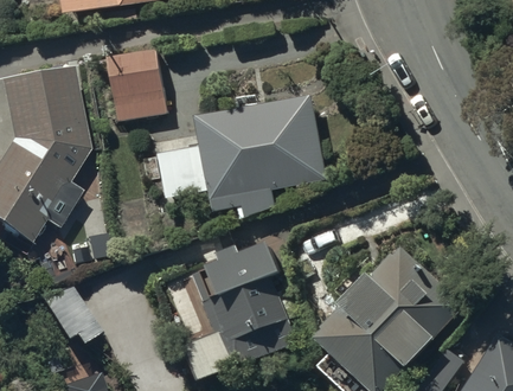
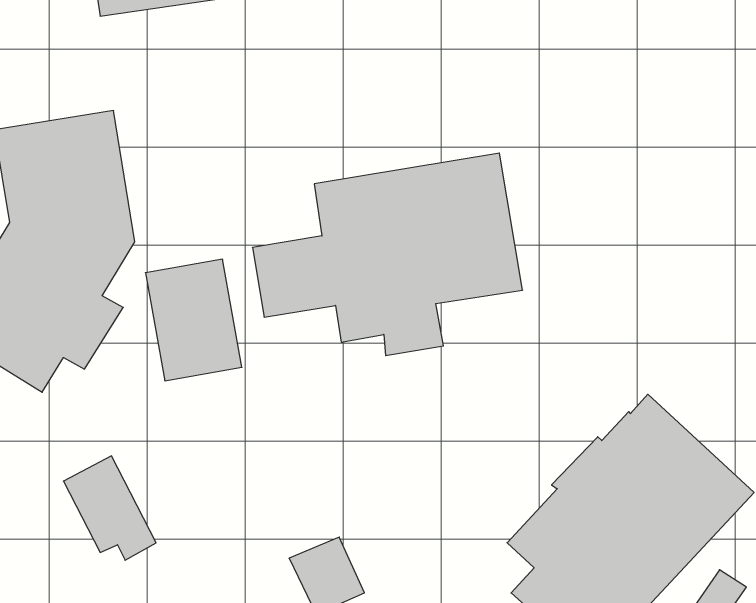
building: [107,47,166,122] -> [145,259,242,381]
building: [198,238,296,364] -> none

